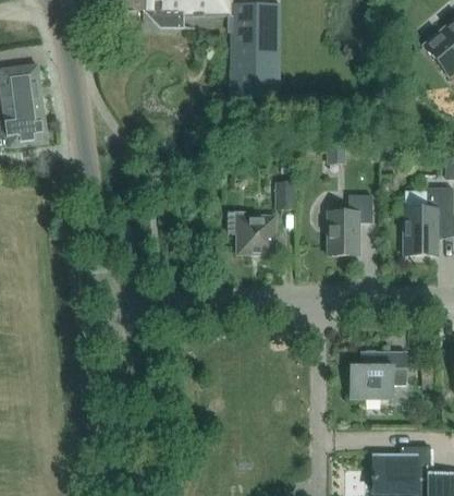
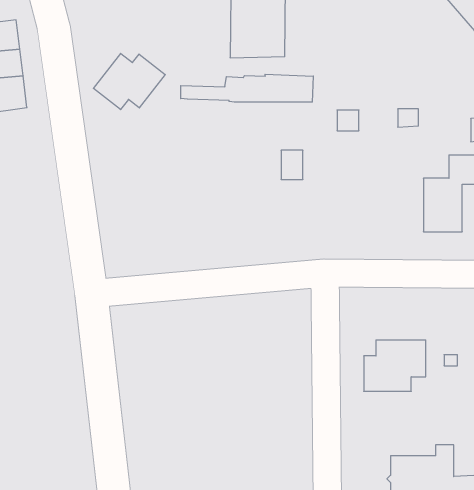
building: none -> [93,53,165,110]
building: none -> [181,74,313,102]
building: [327,194,371,254] -> none
building: [228,211,275,254] -> none

